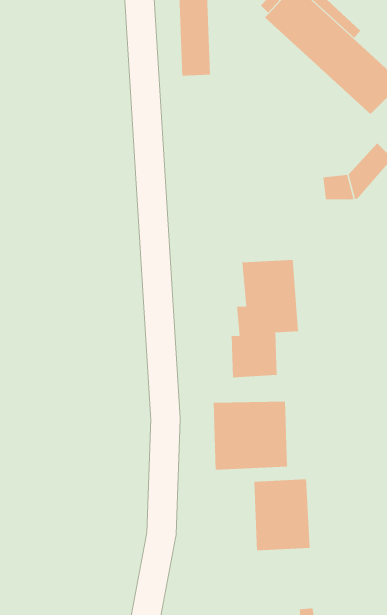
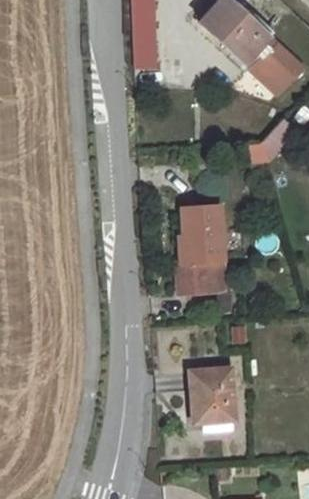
building: [213,401,288,470] -> none

